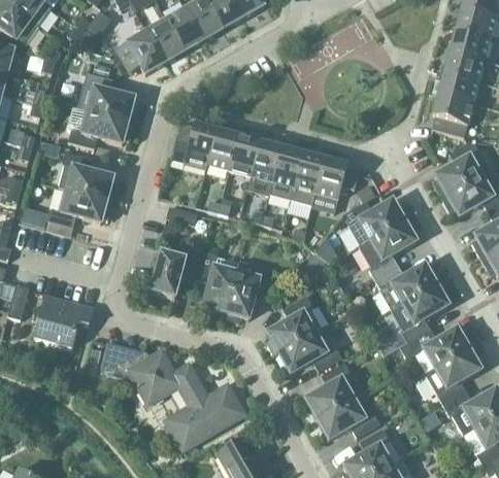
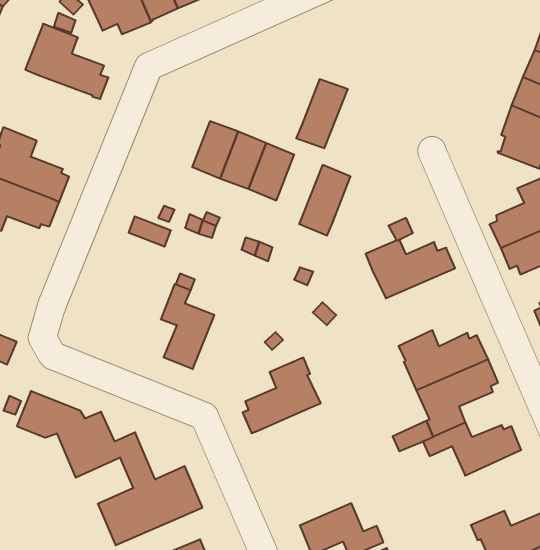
building: [67,109,128,147] -> none
building: [170,122,217,169] -> none
building: [269,146,303,197] -> [296,79,348,148]
building: [315,158,359,199] -> none
building: [359,216,418,278] -> none
building: [149,250,197,298] -> none
building: [224,260,273,321] -> none
building: [277,331,341,372] -> none
building: [434,347,479,404] -> none
building: [304,361,353,418] -> none

